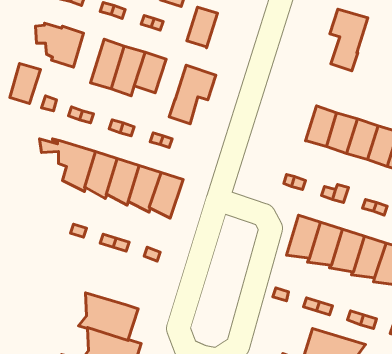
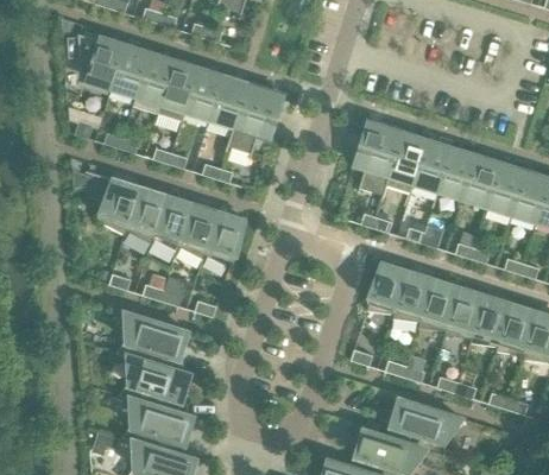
building: [187,7,218,48] -> [212,76,248,125]
building: [330,9,368,71] -> [359,121,404,195]
building: [10,64,41,103] -> [114,45,151,93]
building: none -> [116,311,189,369]

